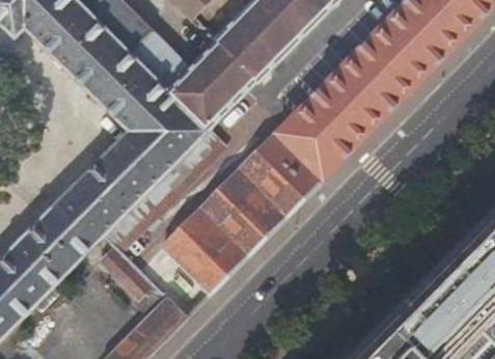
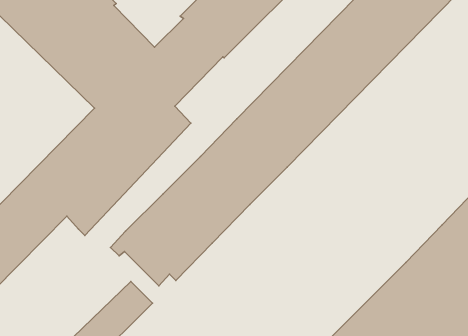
building: [100,246,153,300] -> none

